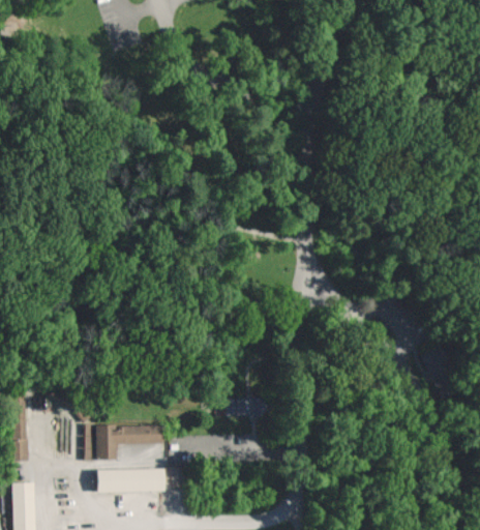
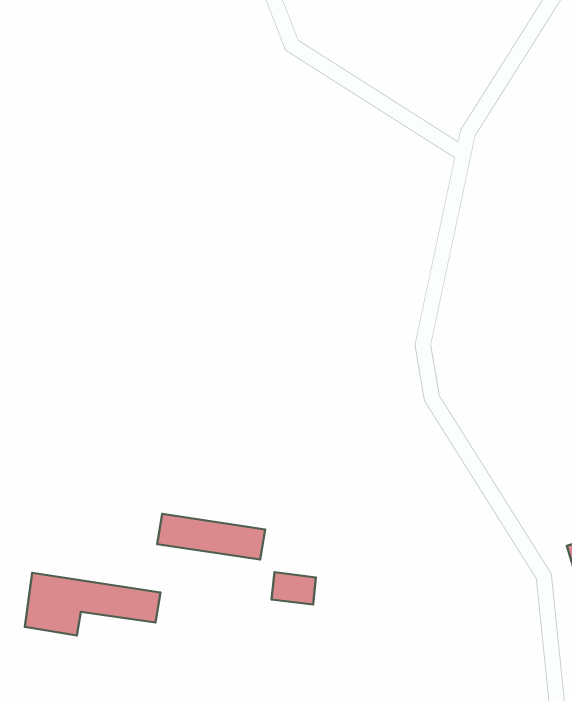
building: [97,469,164,490] -> [157,514,265,560]

